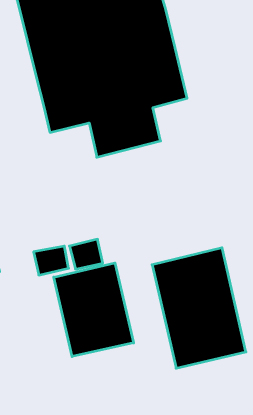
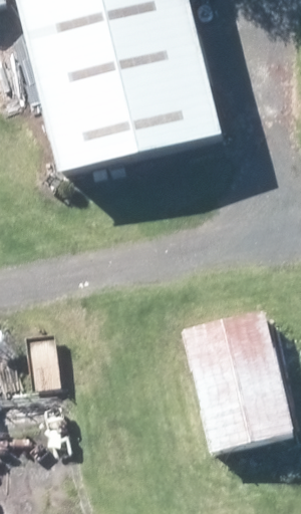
building: [54,263,134,357] -> none

